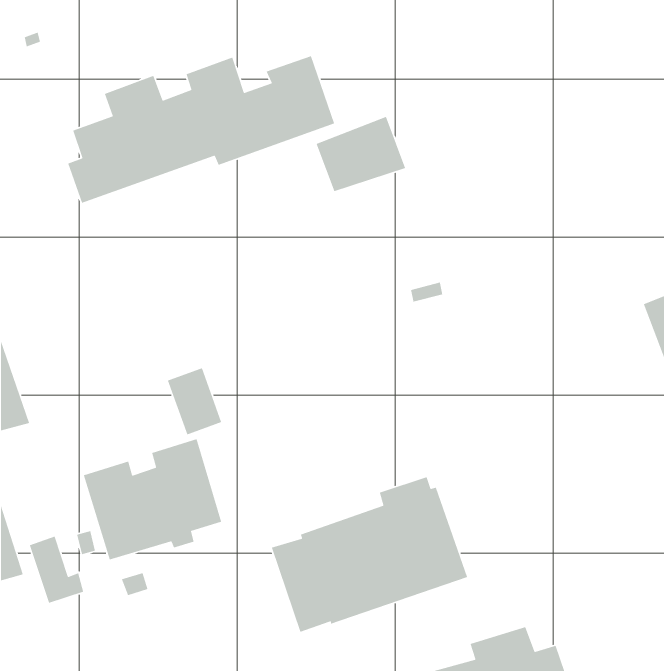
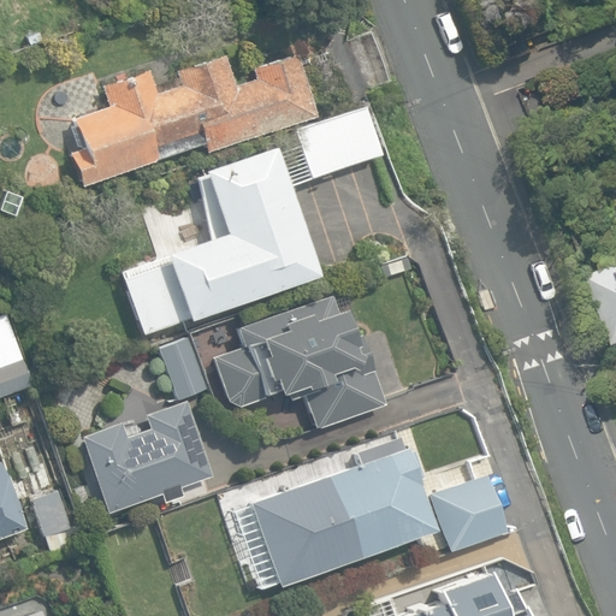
building: none -> [125,148,316,336]
building: none -> [215,296,385,428]
building: none -> [430,474,503,552]

